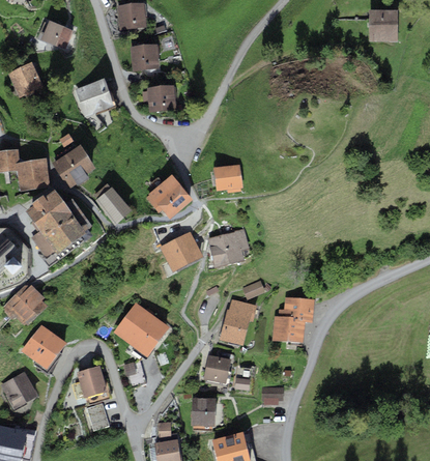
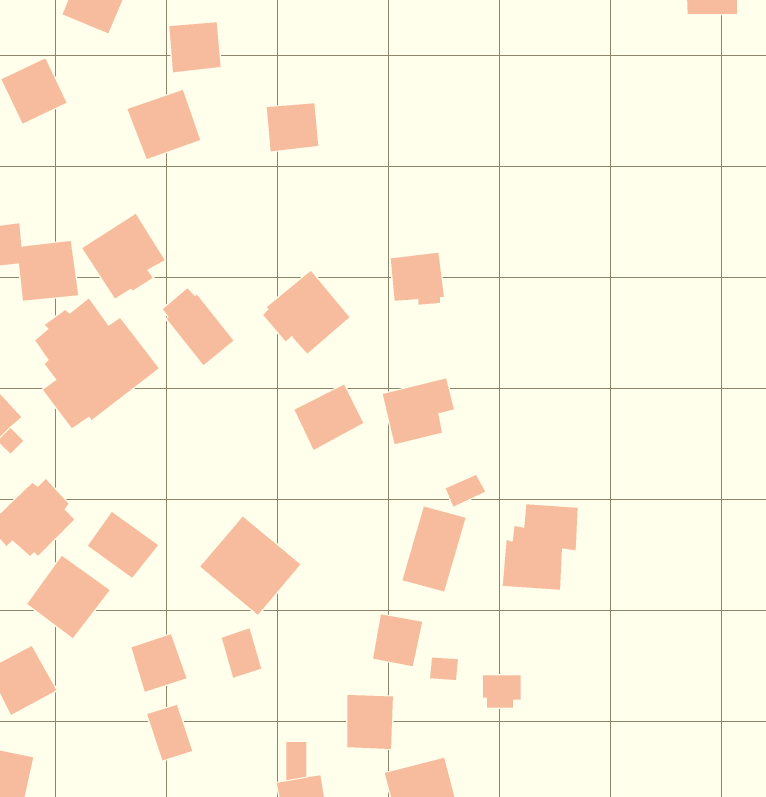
building: [131,45,159,71] -> [168,22,221,73]
building: none -> [87,511,159,579]

